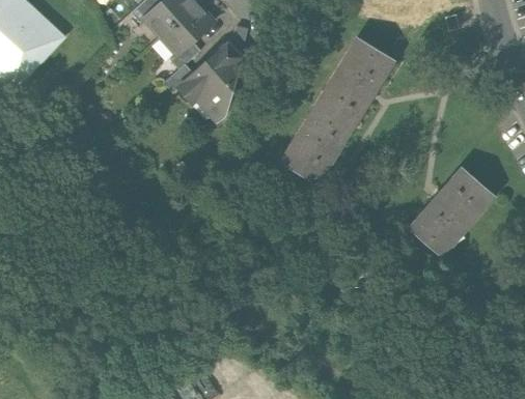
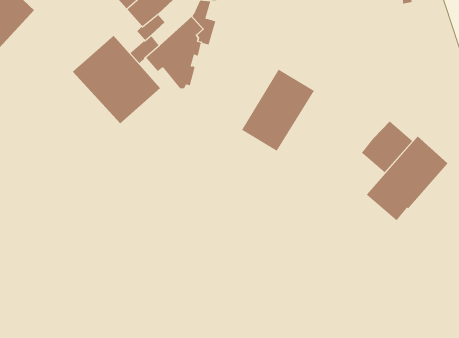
building: [317,37,393,121] -> none
building: none -> [72,35,161,124]
building: none -> [361,120,413,173]

